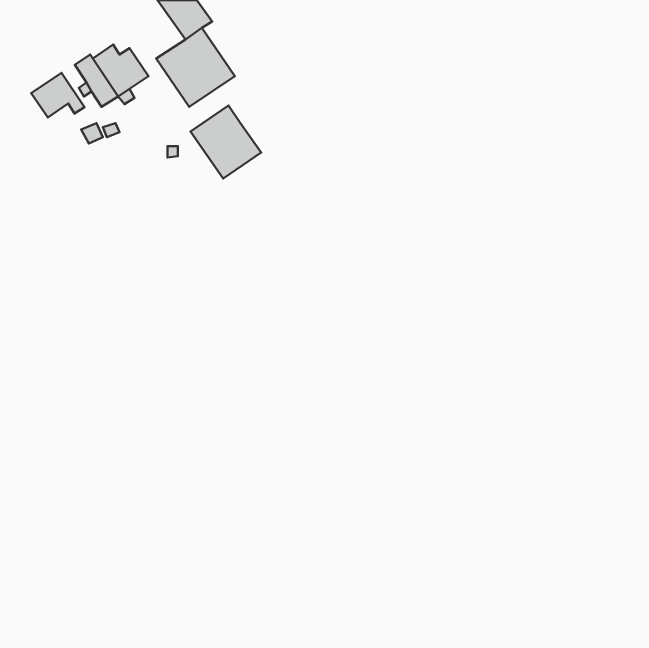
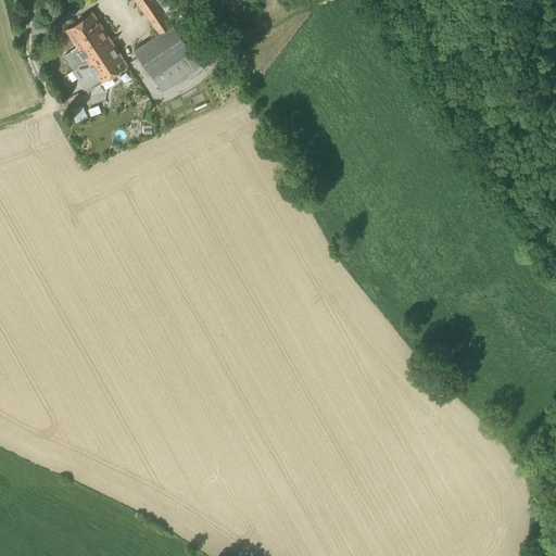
building: [31,73,85,117] -> [65,13,111,51]
building: [190,106,261,178] -> none

